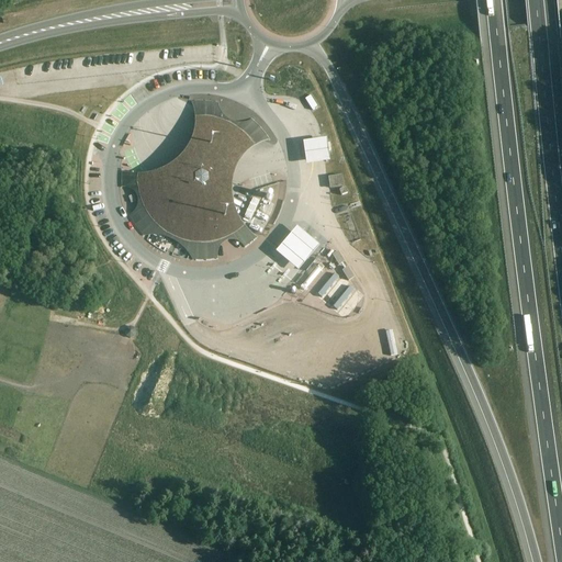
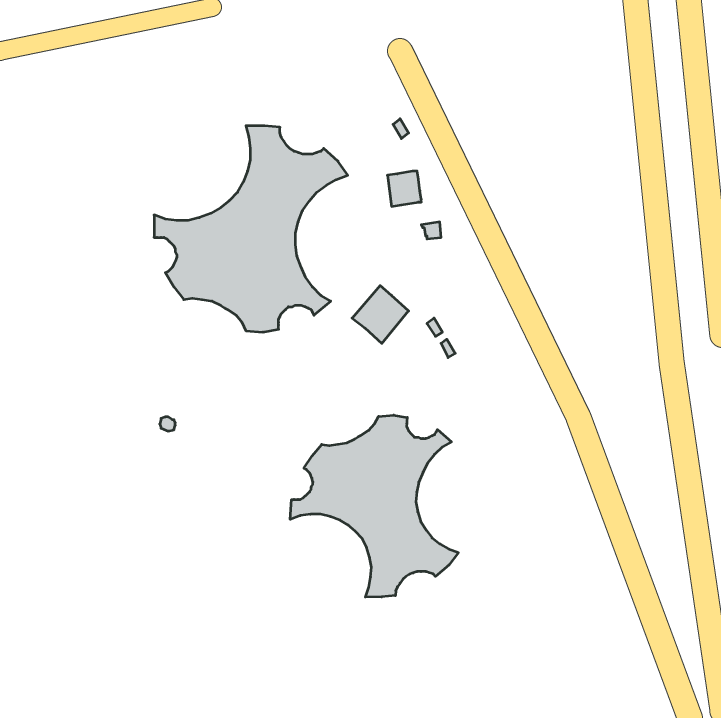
building: none -> [290,415,458,597]

